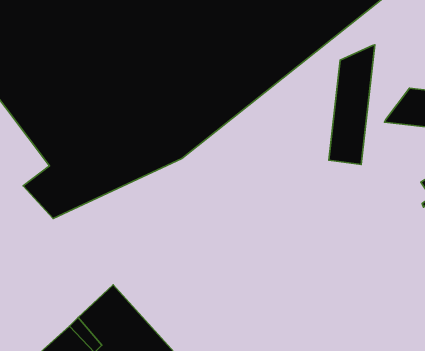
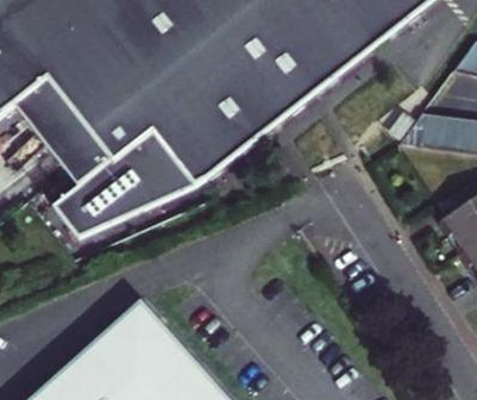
building: [329,45,375,164] -> none

